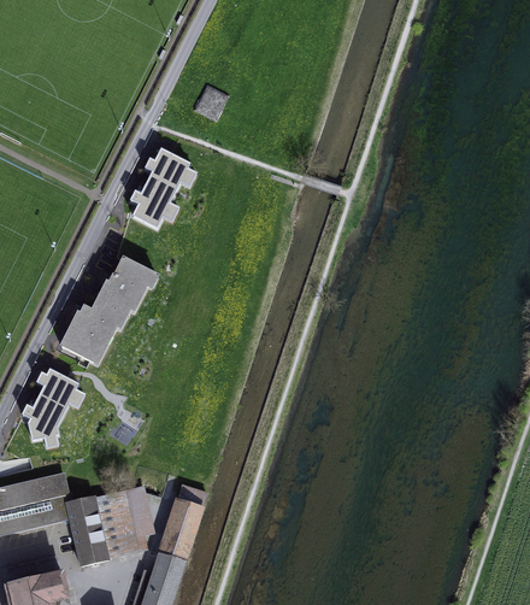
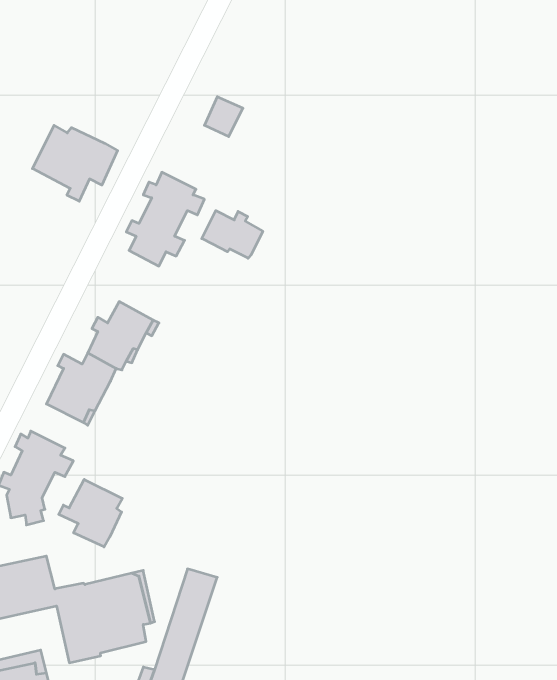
building: none -> [32,125,118,201]
building: none -> [202,211,263,258]
building: none -> [59,479,122,547]

